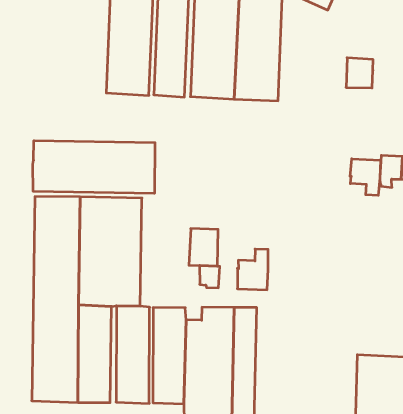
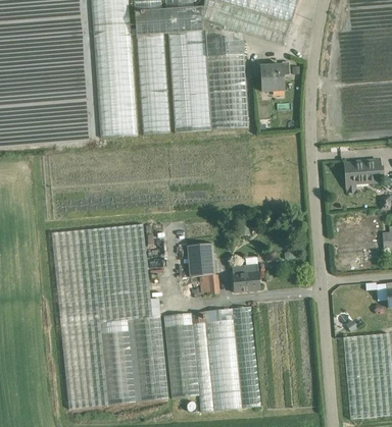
building: [346,58,373,88] -> [260,64,285,91]
building: [33,141,155,193] -> none
building: [350,159,380,195] -> none

